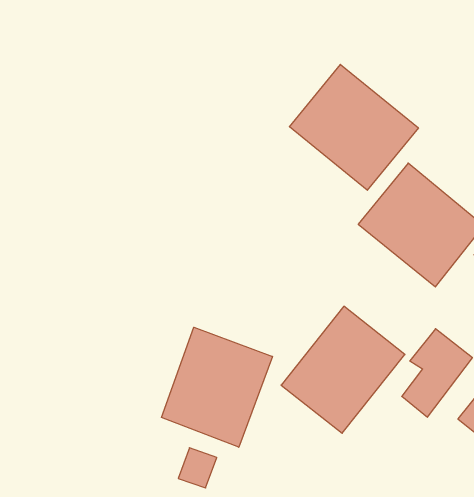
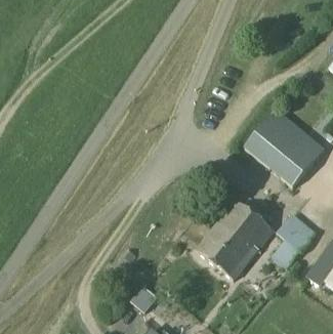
building: [289,64,418,190] -> none
building: [161,327,272,447] -> none

